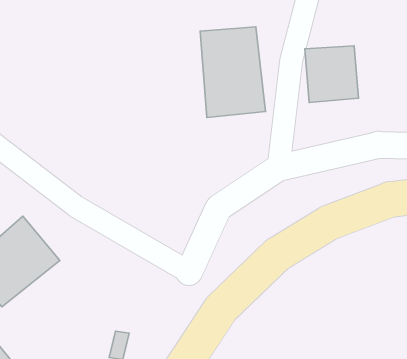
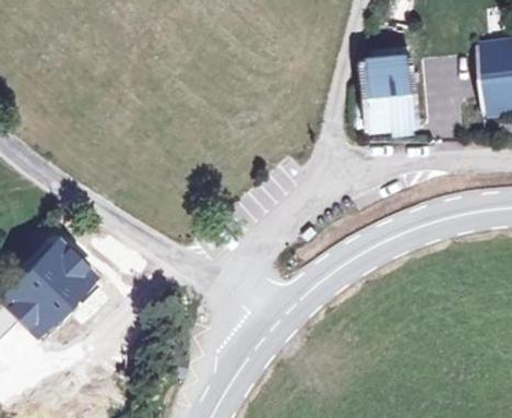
building: [200,27,266,118] -> none

